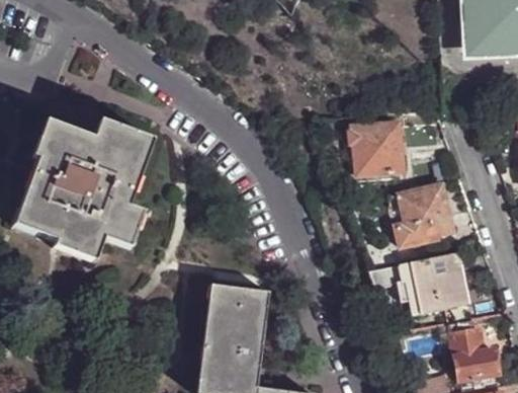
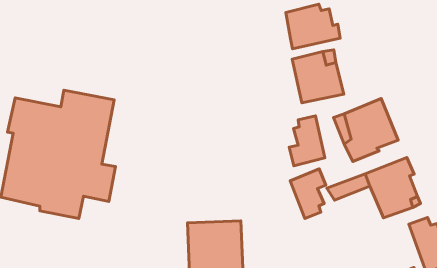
building: none -> [286,4,340,49]
building: none -> [289,116,325,166]
building: none -> [290,169,326,218]

